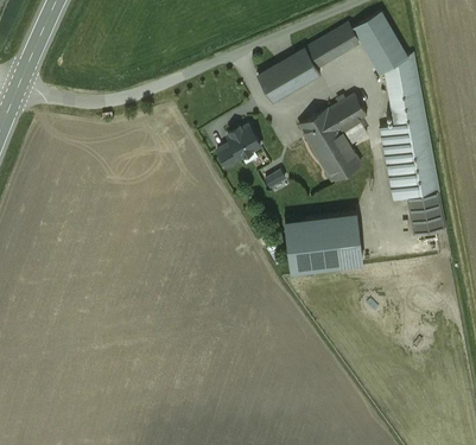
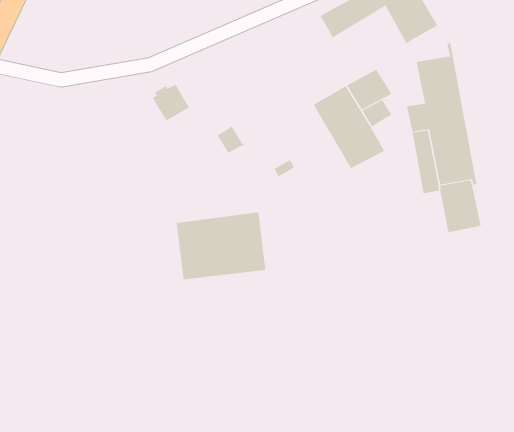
building: [258,49,319,101] -> none
building: [385,55,415,88] -> none
building: [228,126,260,158] -> [152,84,190,122]
building: [285,212,362,271] -> [176,212,266,280]

